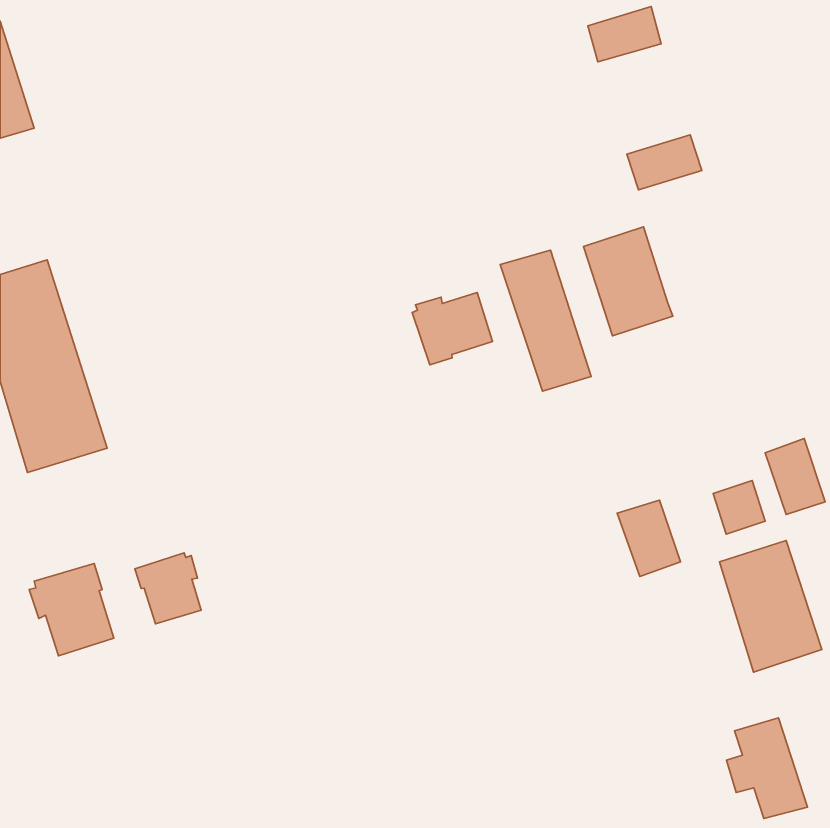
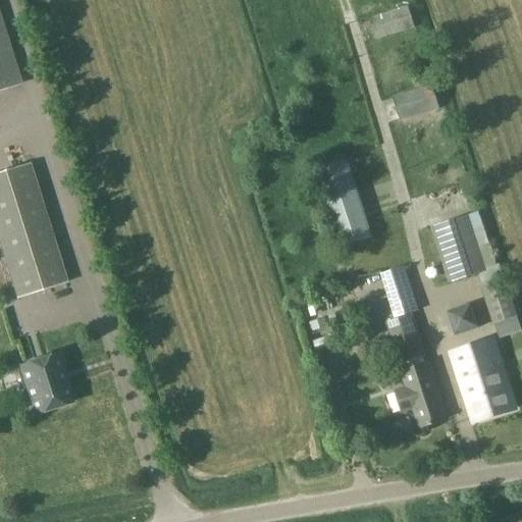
building: [583,227,673,336] -> [431,213,487,281]
building: [412,292,492,365] -> none
building: none -> [382,267,415,317]
building: [135,553,201,624] -> none
building: [726,718,808,819] -> [398,363,449,426]

